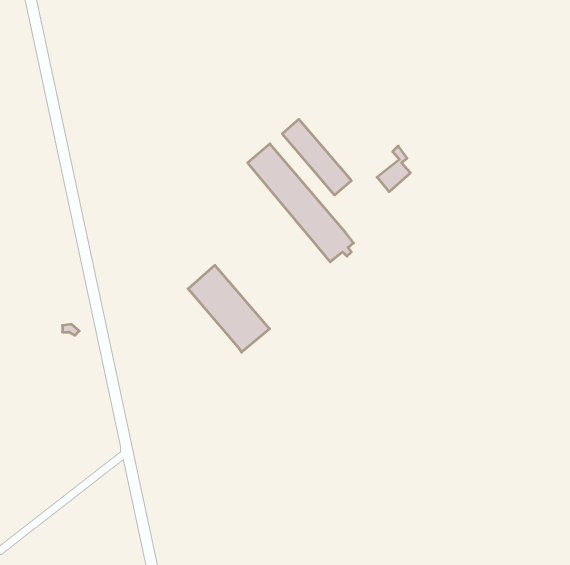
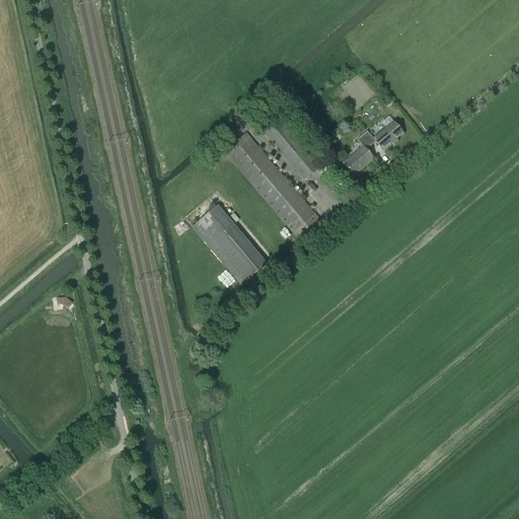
building: none -> [362,120,402,149]
building: [188,265,270,352] -> [193,204,267,283]

